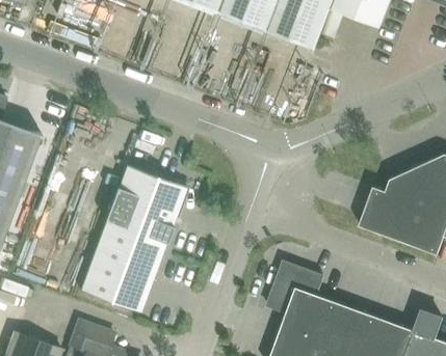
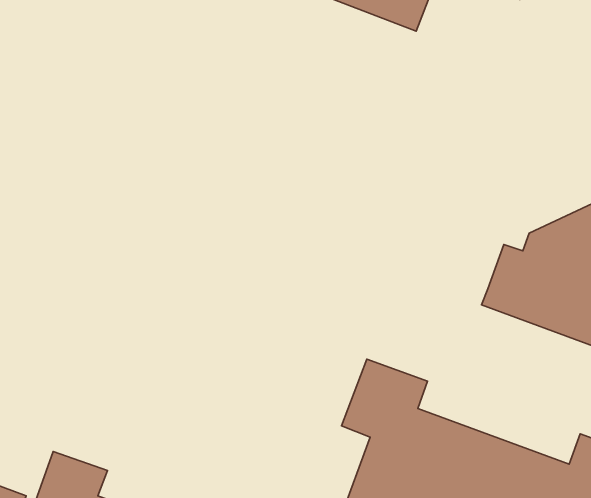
building: [81,166,186,310] -> none

